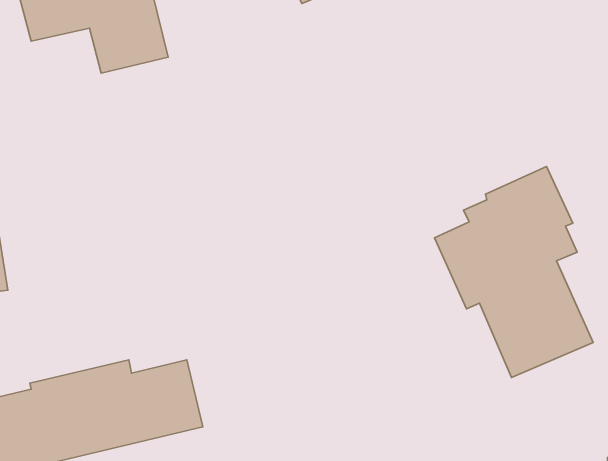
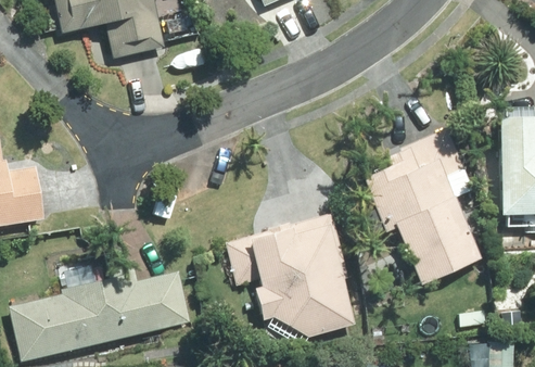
building: none -> [226,214,356,339]

